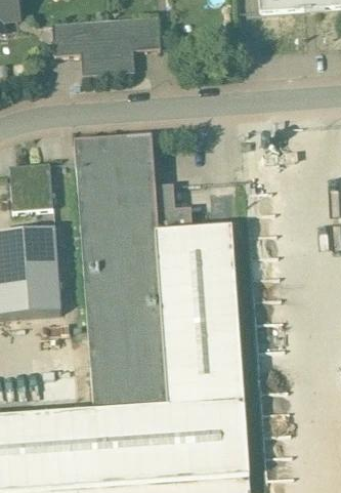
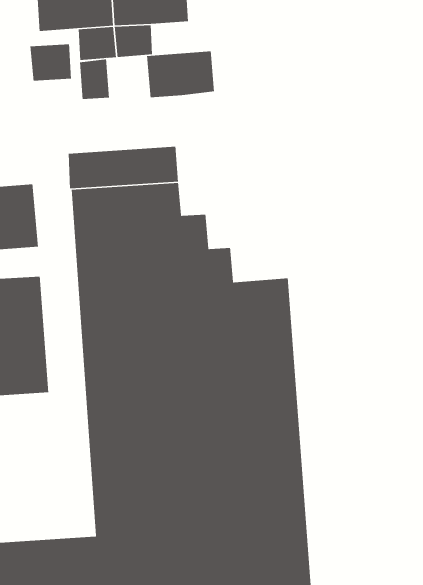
building: none -> [29,43,72,81]
building: none -> [146,50,215,98]
building: none -> [79,59,110,100]

